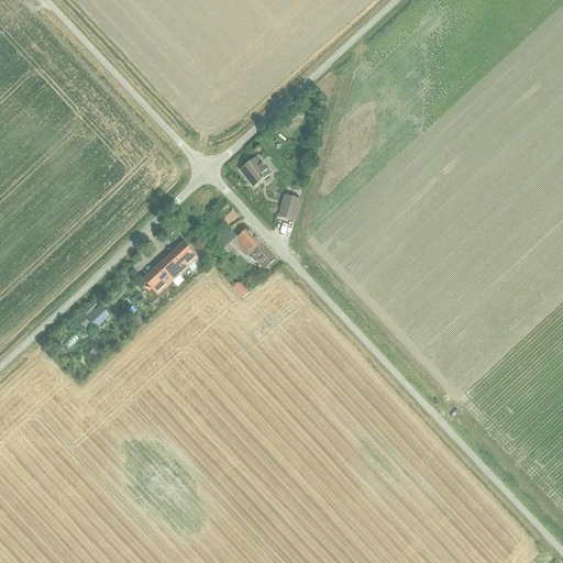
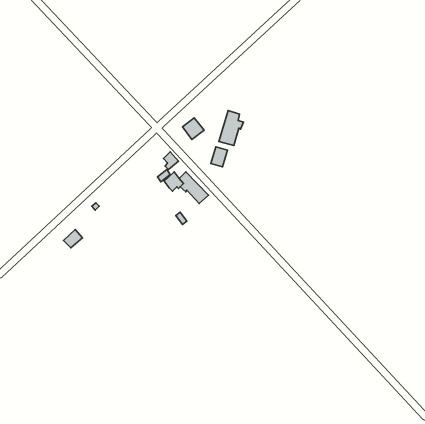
building: none -> [219,111,244,145]
building: [143,240,199,292] -> none

